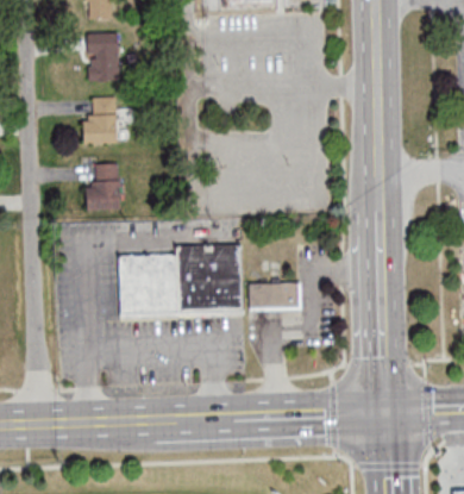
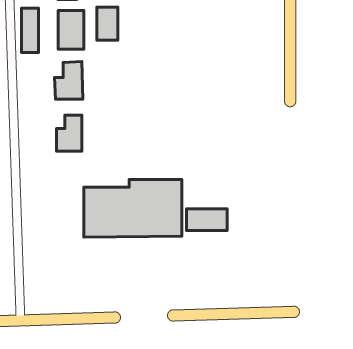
building: none -> [97,7,118,40]
building: none -> [21,8,39,52]

